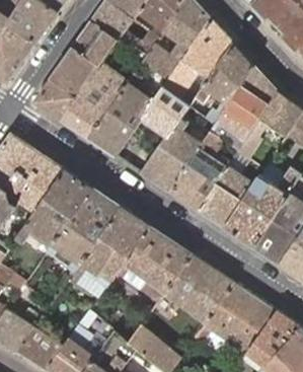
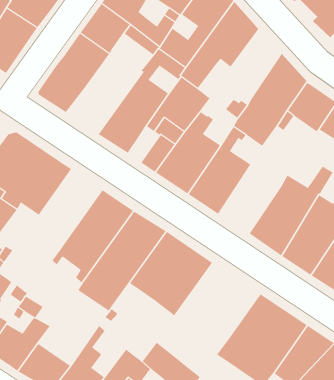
building: [193,45,253,106] -> none
building: [60,63,129,139] -> none
building: [197,151,253,228] -> none
building: [15,170,92,245] -> none
building: [150,254,234,337] -> none

